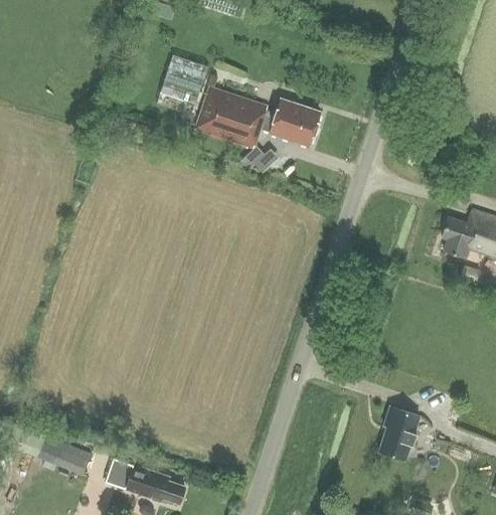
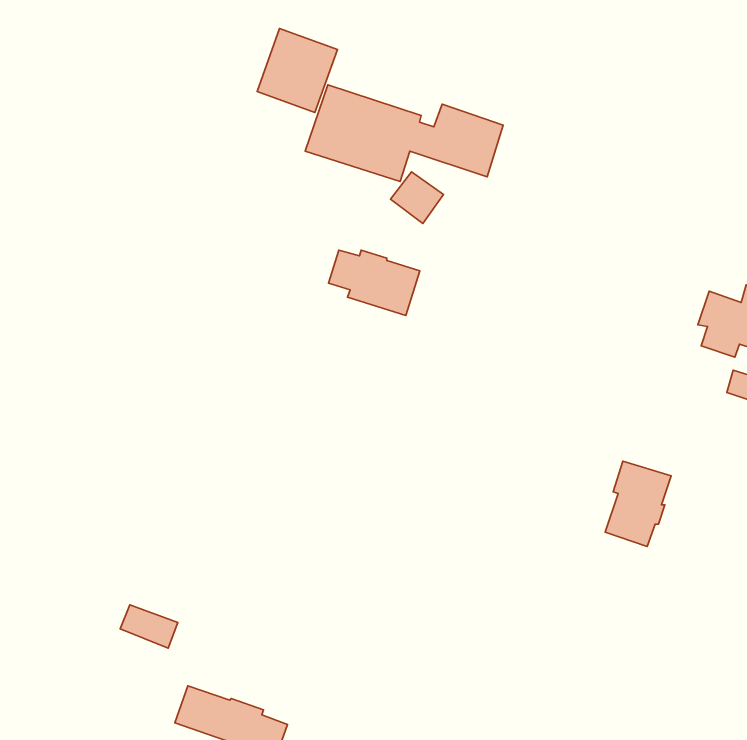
building: none -> [328,250,420,316]
building: [378,406,420,460] -> [605,461,671,547]
building: [52,449,89,476] -> [120,605,178,648]

